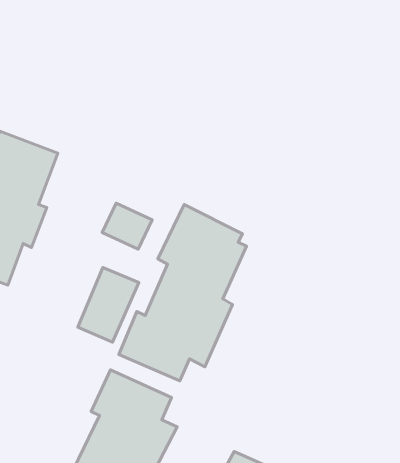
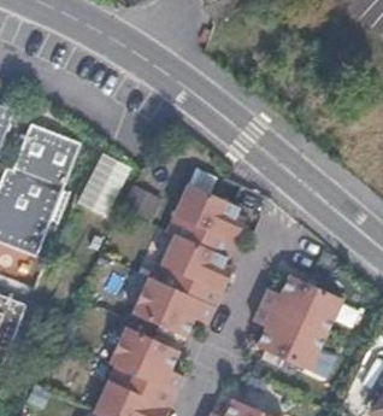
building: [78,267,139,342] -> [75,150,128,215]
building: none -> [251,275,341,370]

